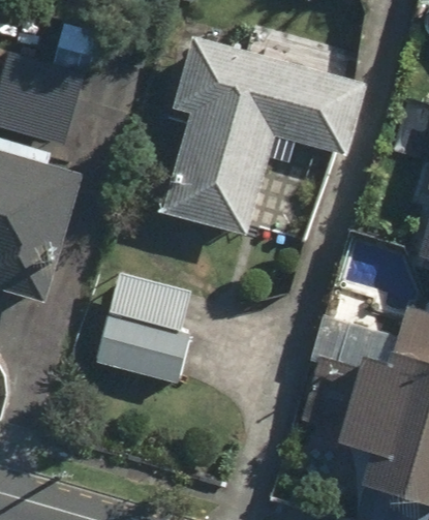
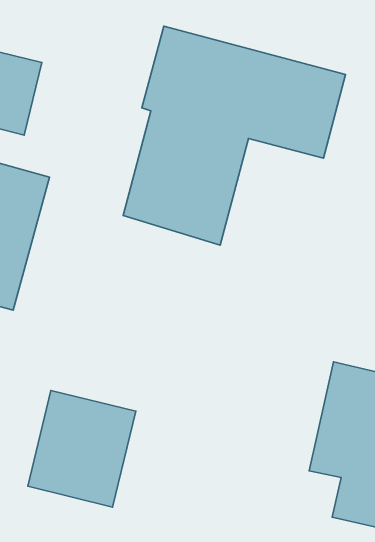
building: [97,268,198,377] -> [28,390,136,507]

